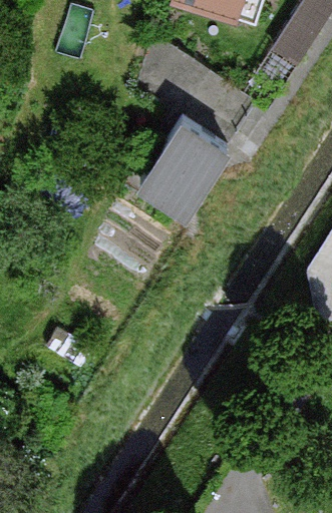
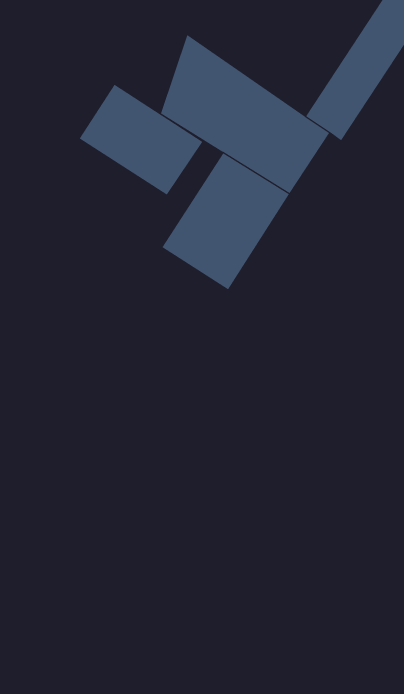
building: none -> [79,84,203,195]

